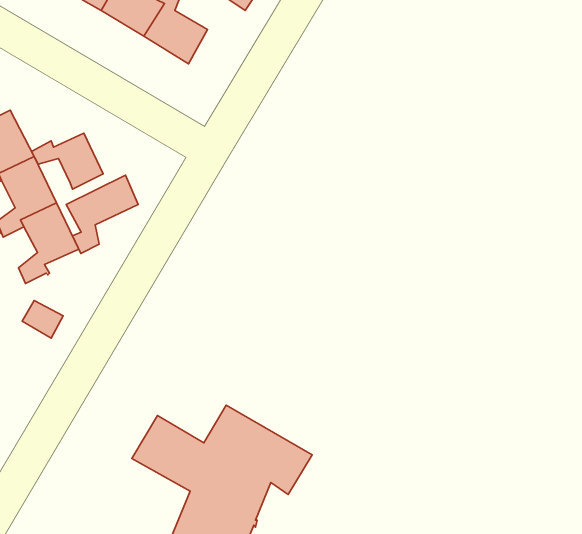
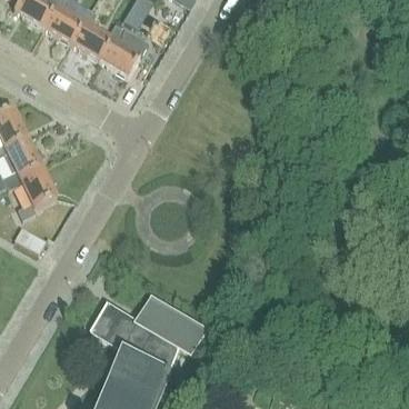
building: [32,133,103,189] -> none
building: [66,175,138,253] -> none

